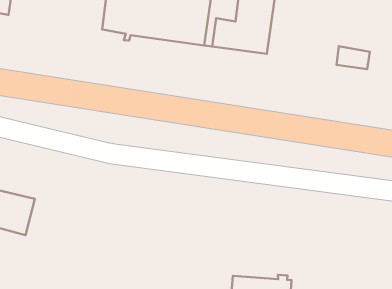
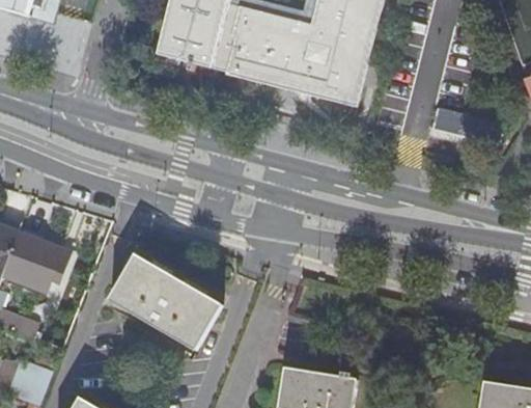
building: none -> [109,255,221,349]

